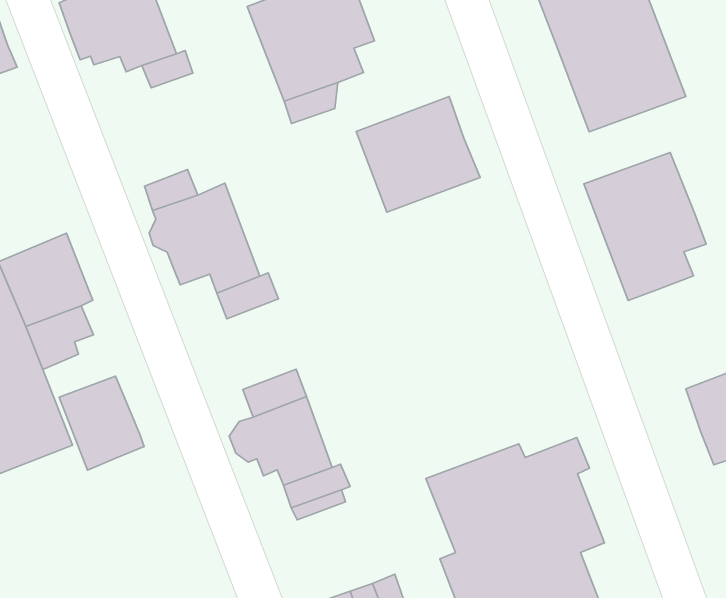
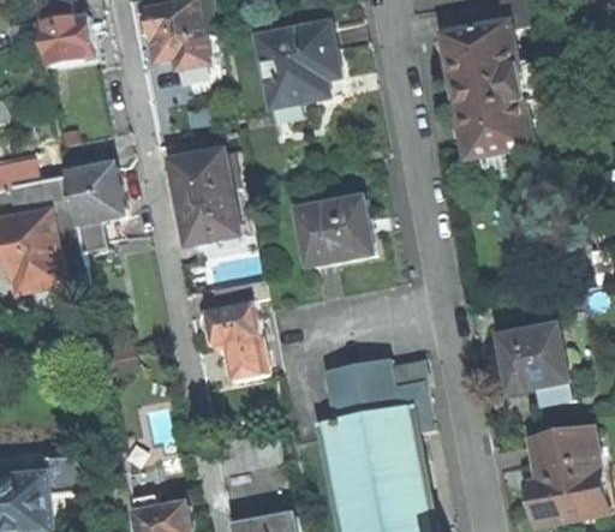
building: [356,97,480,212] -> [297,195,372,263]
building: [584,152,706,300] -> none
building: [59,376,144,470] -> none

